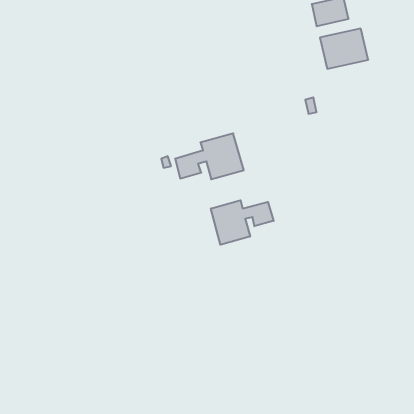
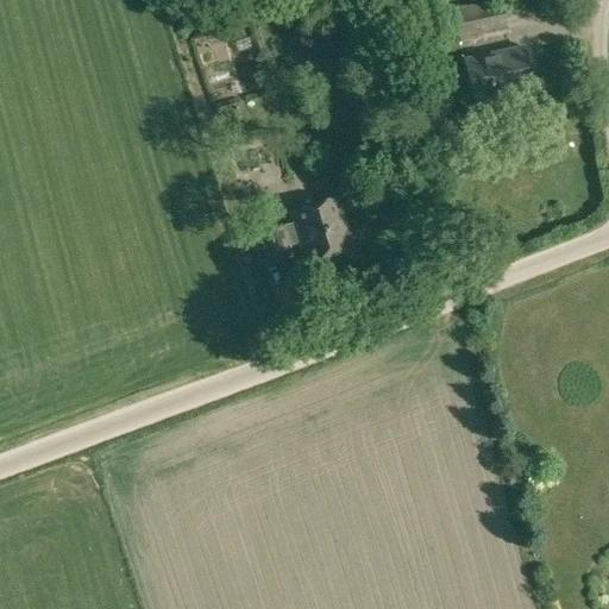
building: [211,200,274,245] -> none

